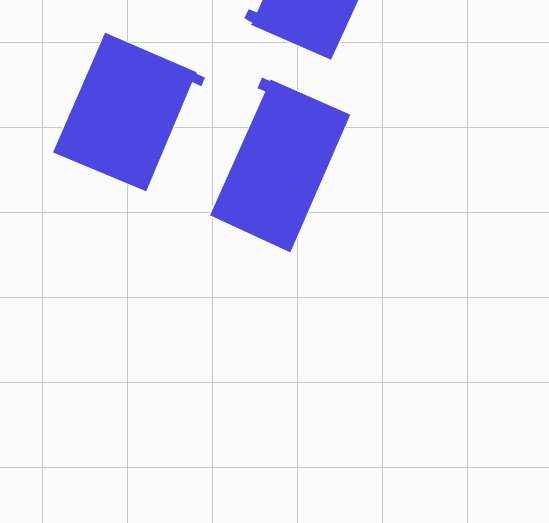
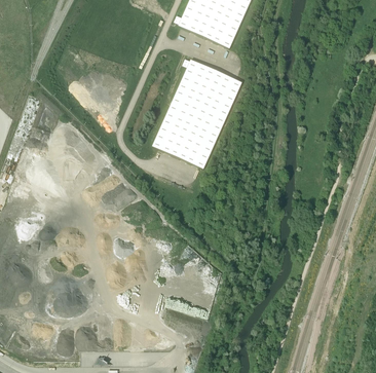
building: [52,32,206,192] -> none

